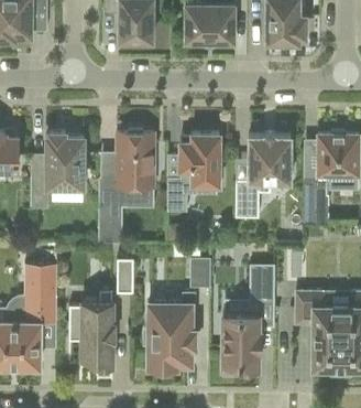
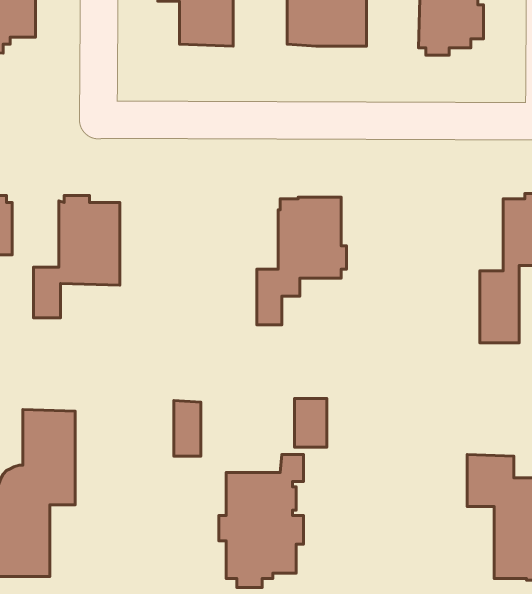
building: [99,130,154,244] -> none
building: [234,135,291,218] -> none
building: [250,266,274,301] -> none
building: [69,291,114,368] -> none
building: [222,314,261,369] -> none

